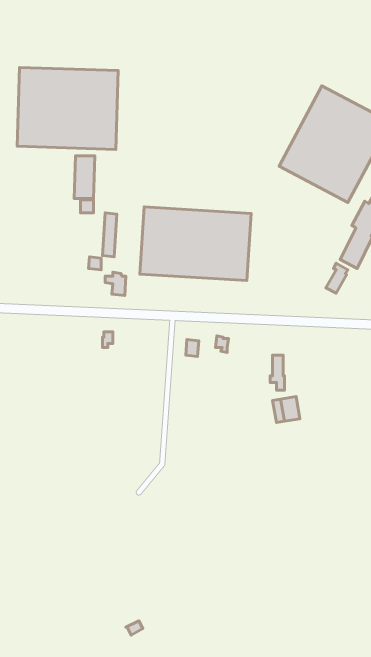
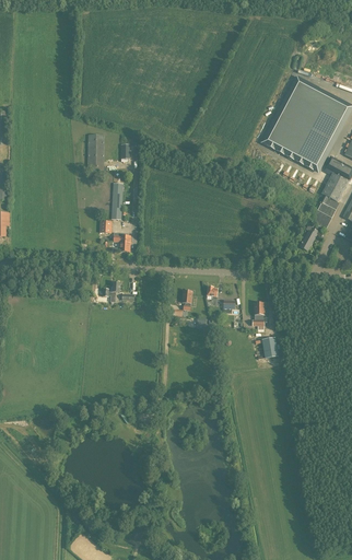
building: [17,67,118,149] -> none
building: [140,207,251,281] -> none

